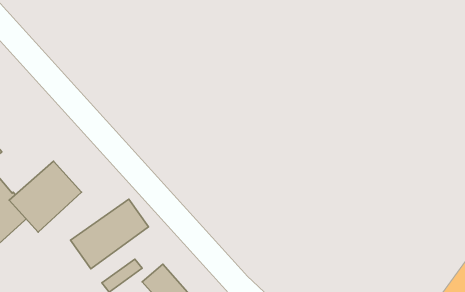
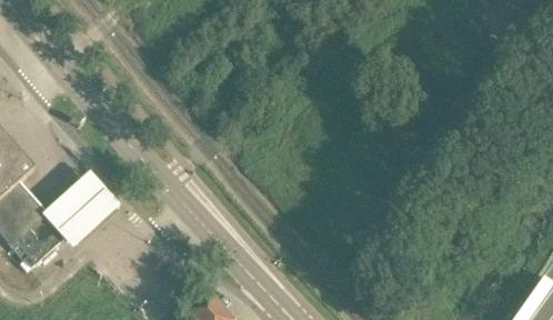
building: [71,199,149,269] -> none

